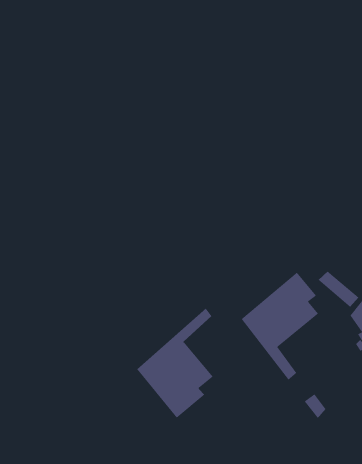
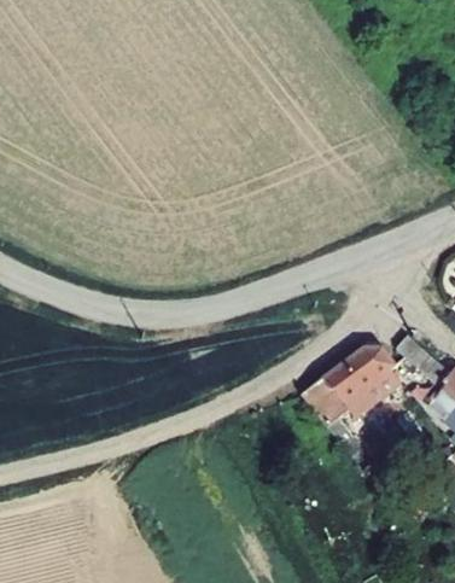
building: [136,308,213,418] -> none

